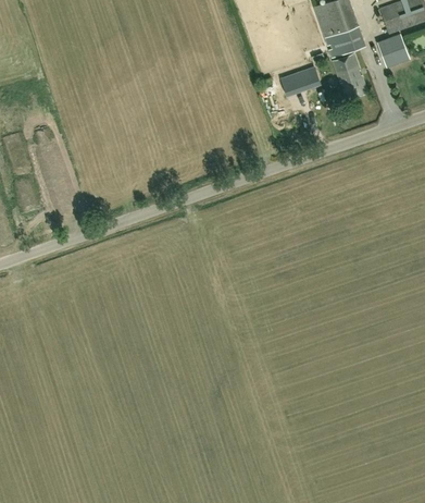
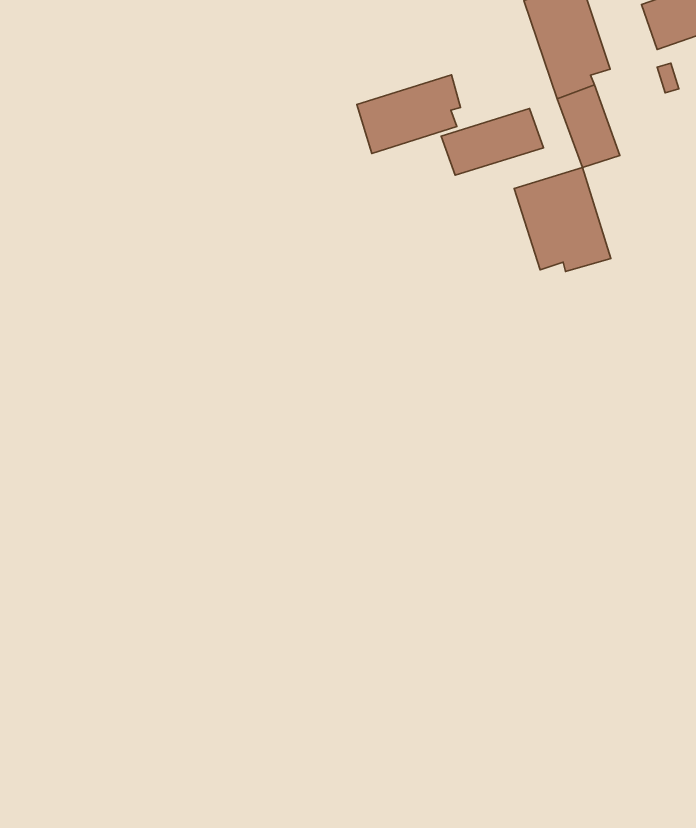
building: none -> [357,75,461,154]
building: none -> [514,167,611,272]

